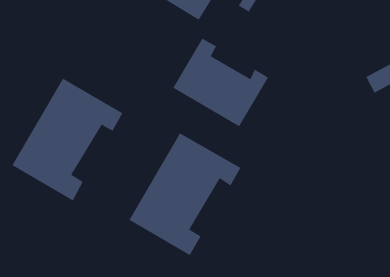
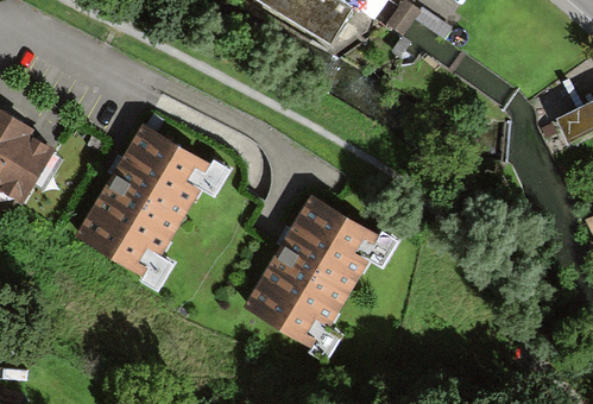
building: [173,38,269,127] -> none

